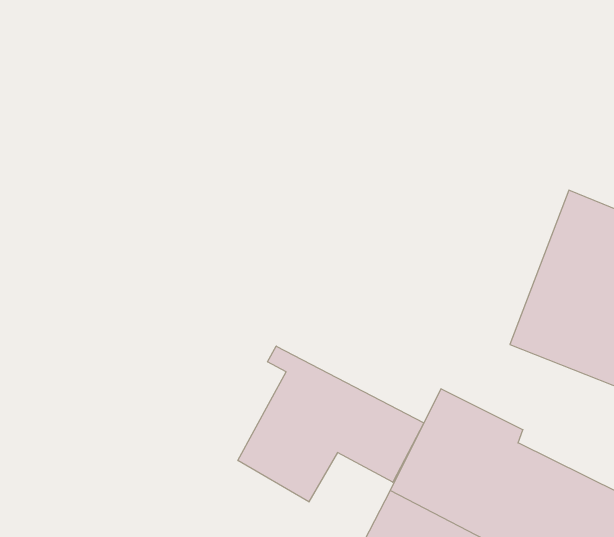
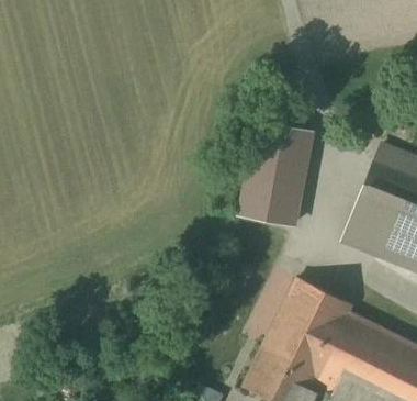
building: none -> [239,122,311,222]
building: [238,346,424,502] -> none

